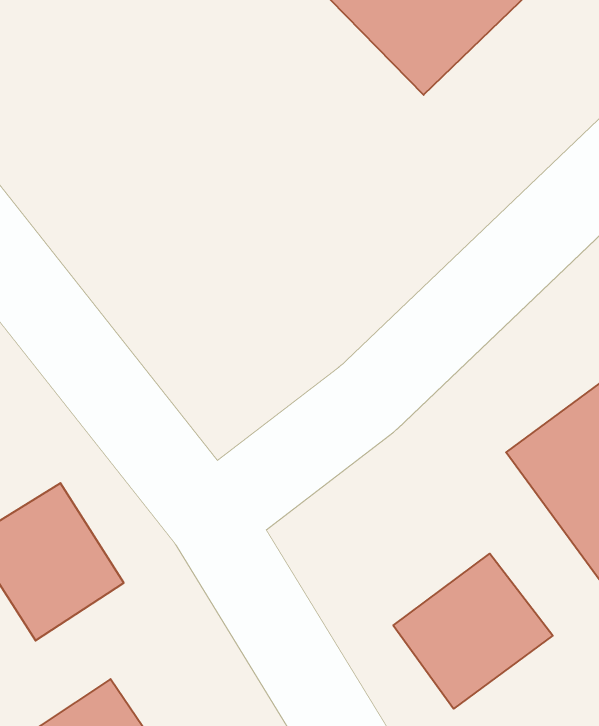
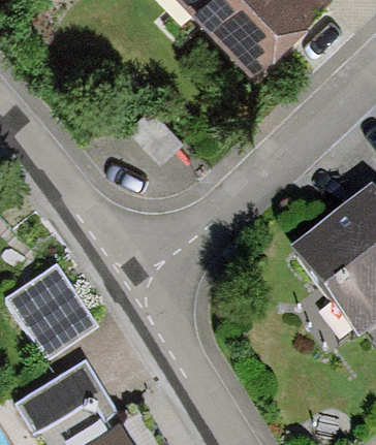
building: [393,554,553,709] -> none

